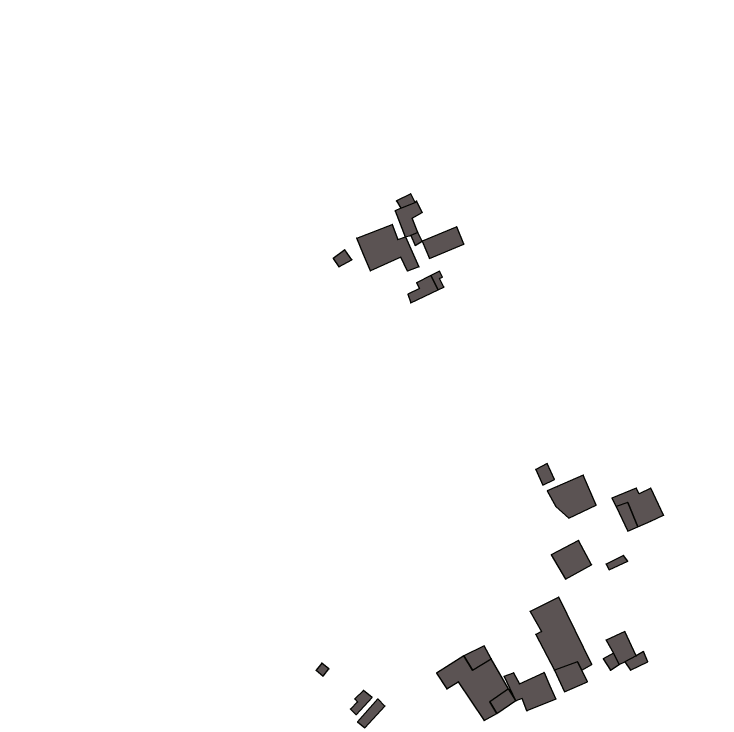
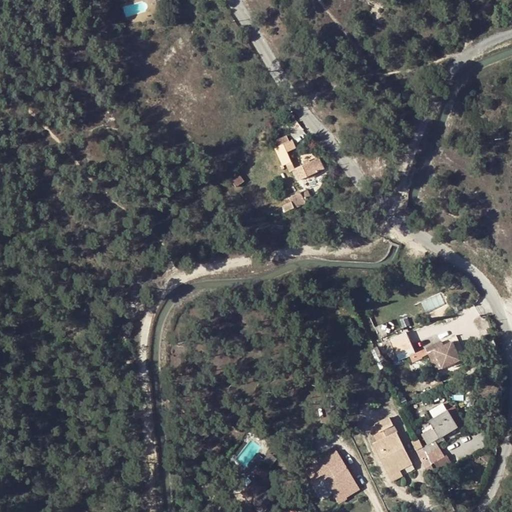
building: [357,224,419,271] -> none
building: [551,540,592,579] -> [429,410,457,437]
building: [504,672,556,711] -> none

